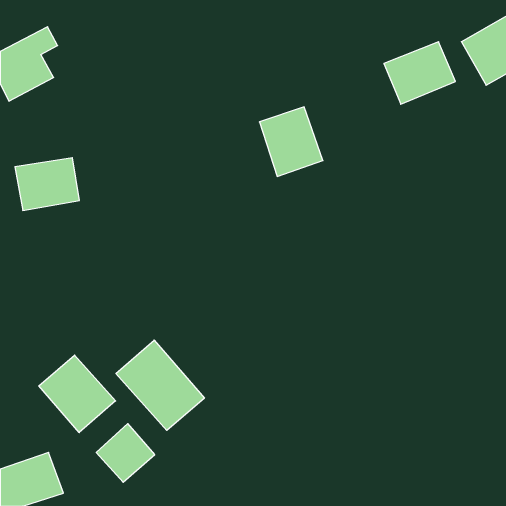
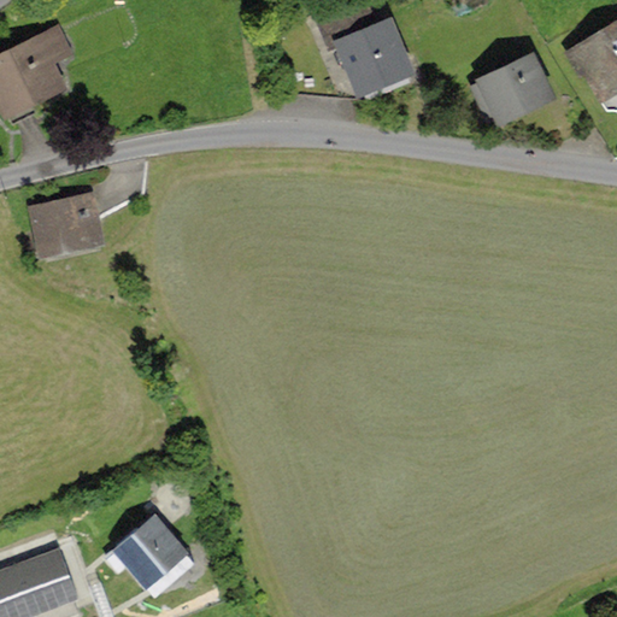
building: [259,107,323,176] -> [331,16,409,100]
building: [116,340,204,430] -> none
building: [39,355,116,433] -> none

